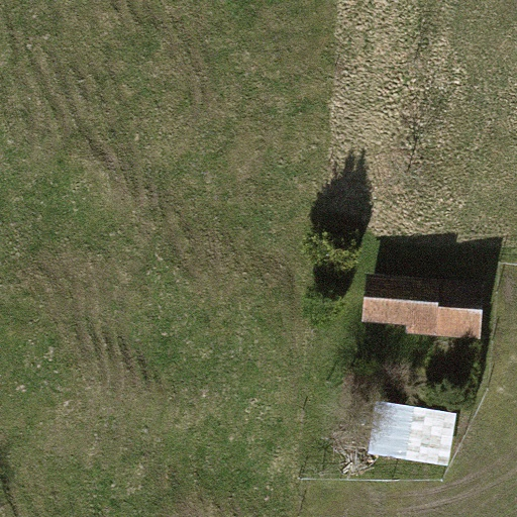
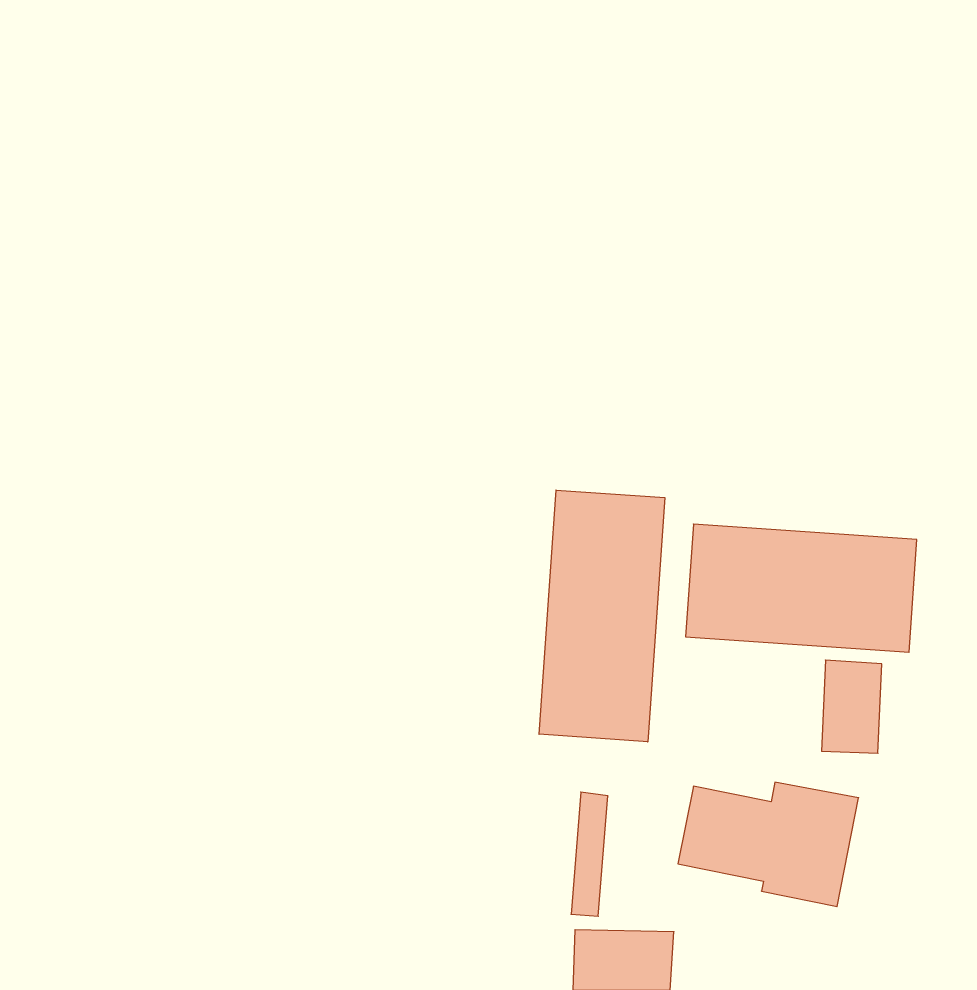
building: none -> [539,490,665,742]

